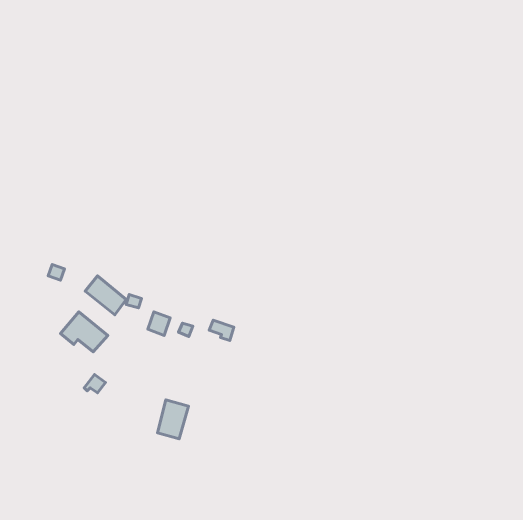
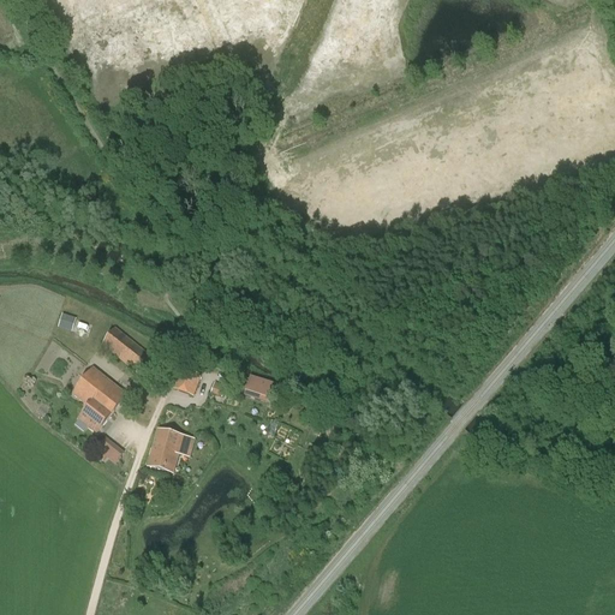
building: none -> [77,398,109,430]
building: [158,400,188,439] -> [147,425,183,471]

